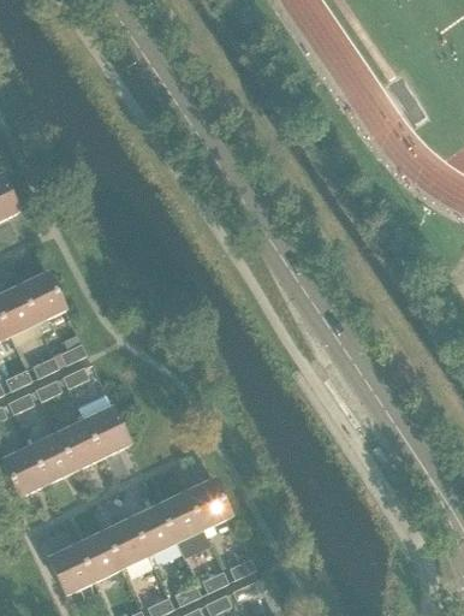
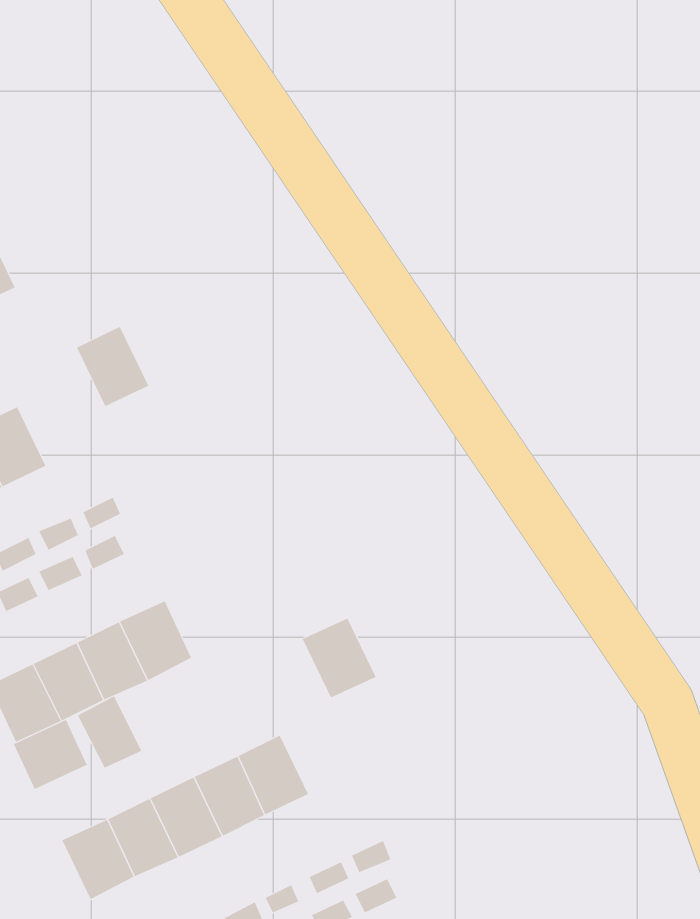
building: [19,272,65,322] -> [76,326,149,407]
building: none -> [77,696,142,768]
building: [184,478,231,528] -> [302,618,377,698]
building: none -> [13,719,88,790]

